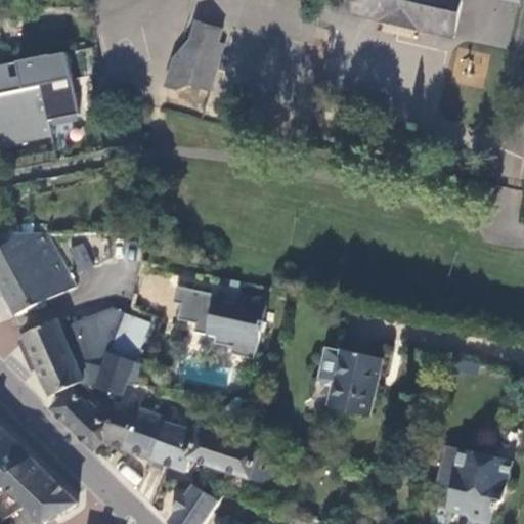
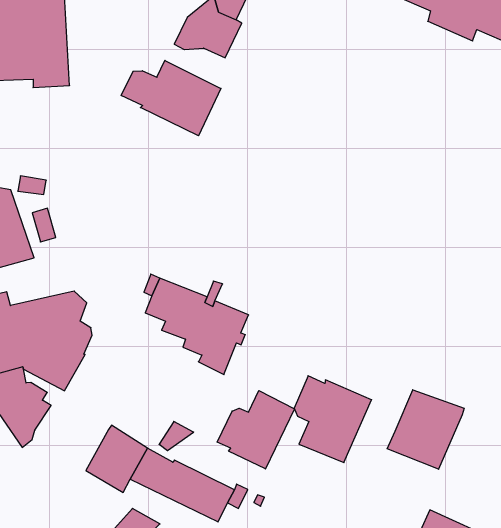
building: none -> [121,60,221,136]
building: none -> [387,390,464,469]
building: none -> [217,391,294,469]
building: [99,389,163,460] -> none

